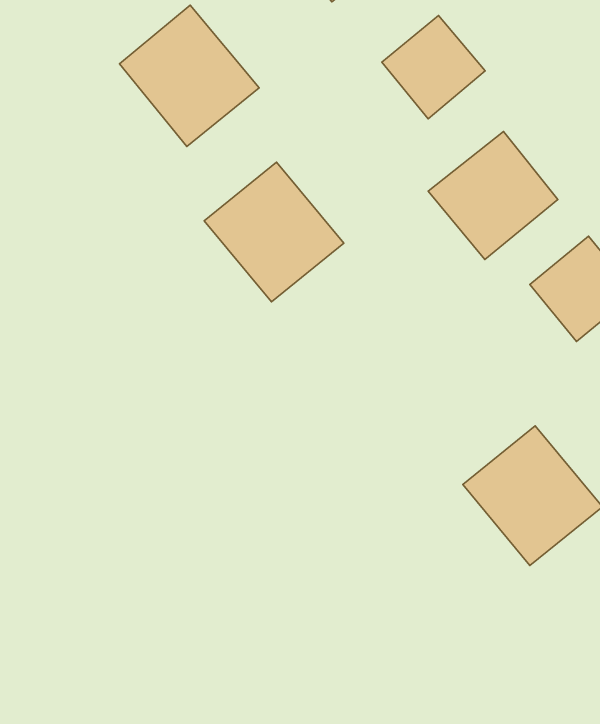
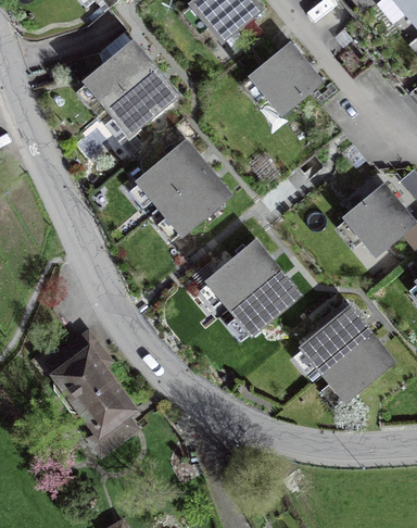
building: [428,131,558,260] -> none
building: none -> [208,240,296,329]
building: none -> [52,345,141,440]

